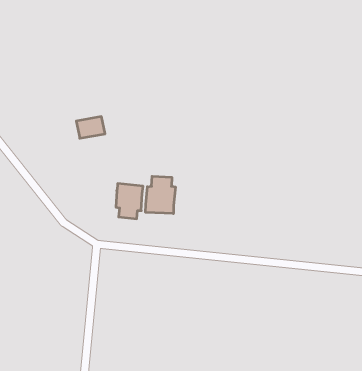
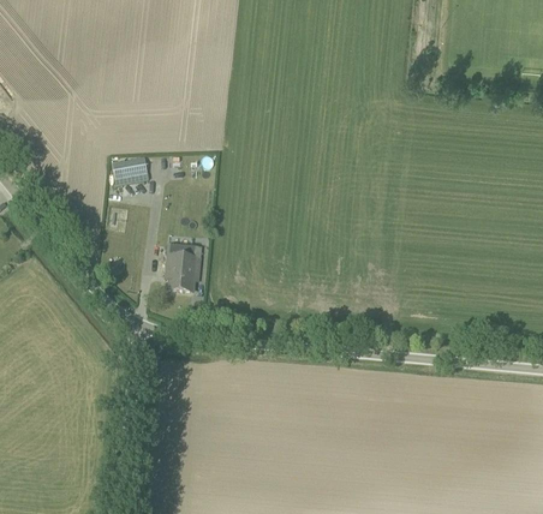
building: [146,176,175,214] -> none

